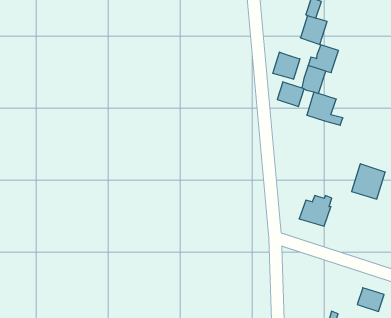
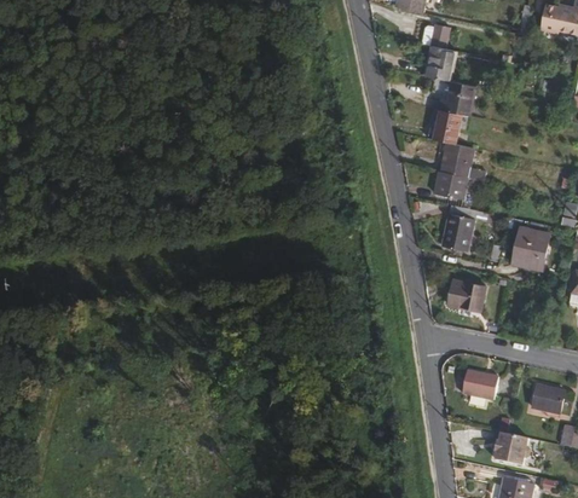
building: [273,52,300,79] -> none
building: [277,82,304,107] -> [434,172,467,201]
building: none -> [443,205,475,251]
building: none -> [461,369,497,399]

